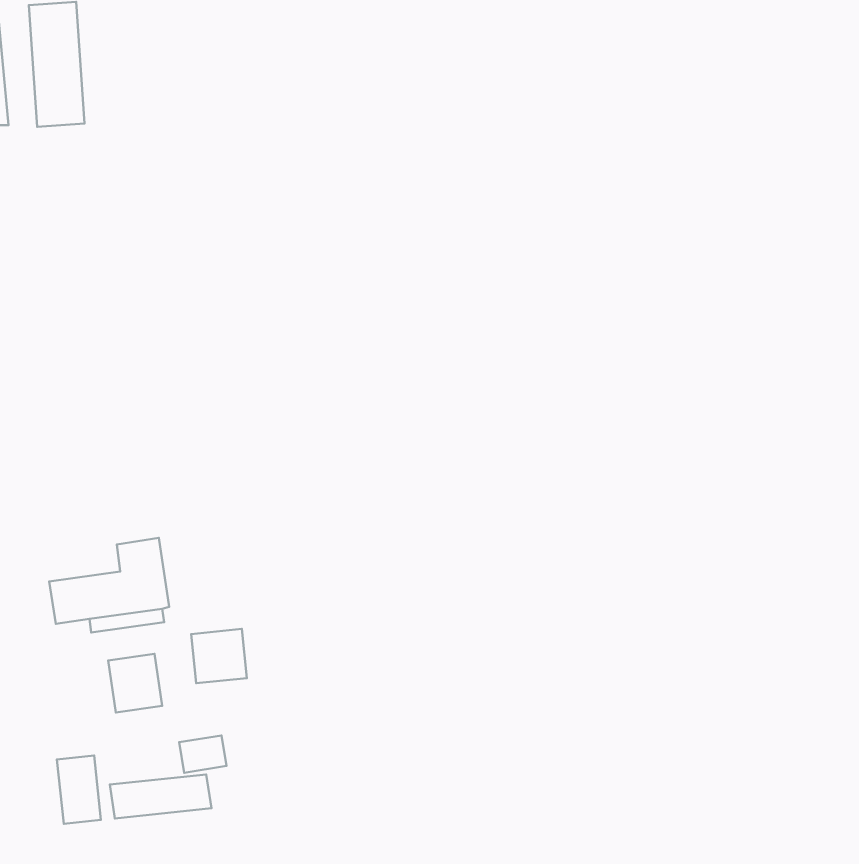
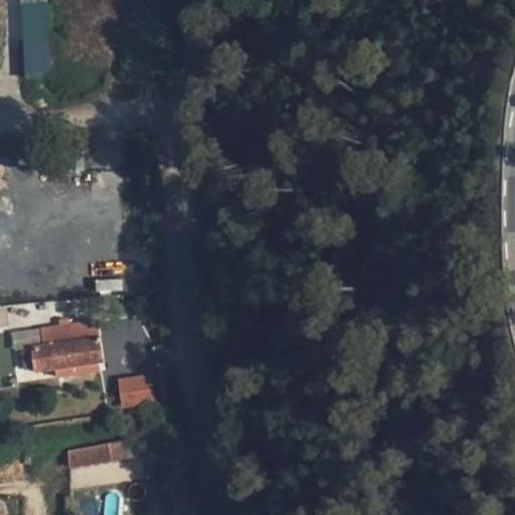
building: [108,654,162,713] -> none
building: [57,756,101,824] -> none

